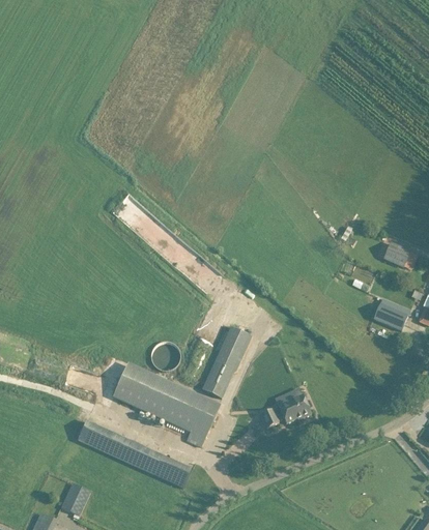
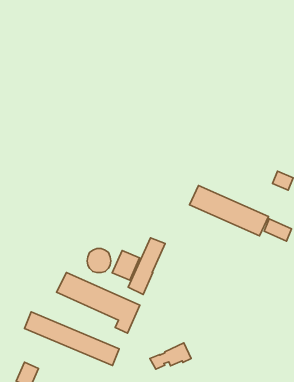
building: none -> [190,185,269,236]
building: none -> [112,251,140,280]
building: [259,393,311,426] -> [150,343,191,369]

